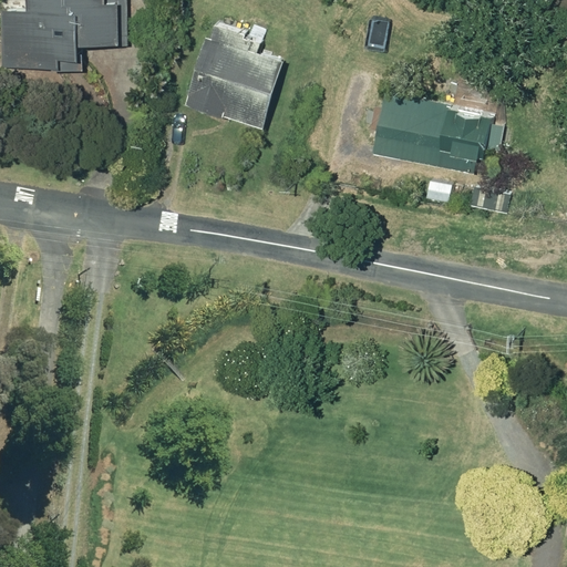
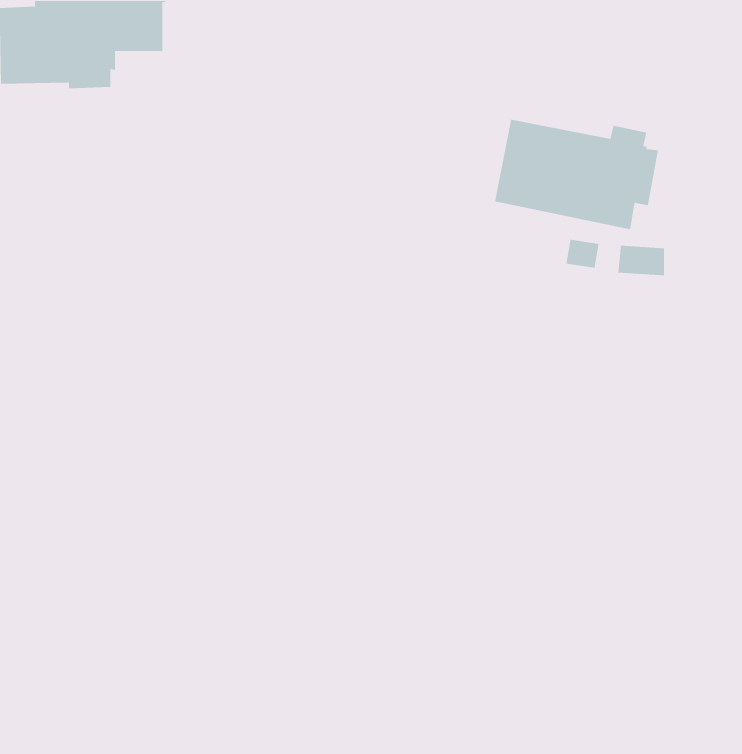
building: [186,21,284,127] -> none

